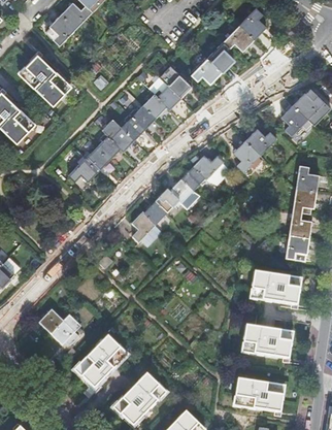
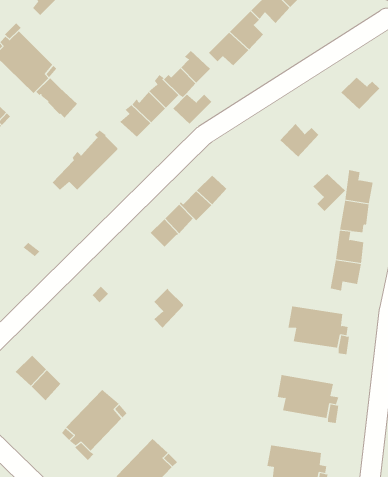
building: [281,105,307,136] -> none
building: [101,120,134,152] -> [35,77,78,118]
building: [234,142,260,172] -> [313,173,346,212]
building: [193,158,224,181] -> [172,94,212,124]
building: [132,212,156,244] -> [153,287,184,328]

